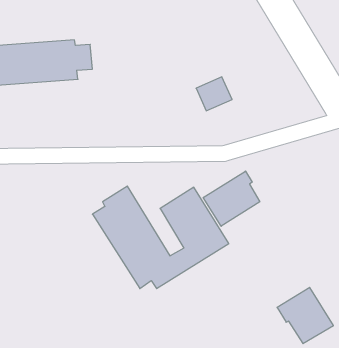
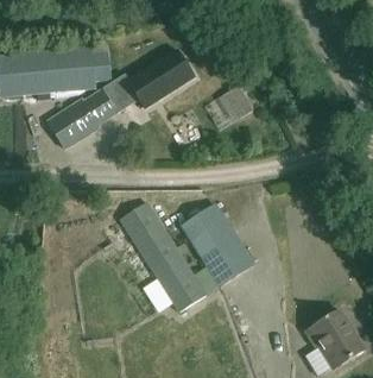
building: none -> [49,50,194,147]
building: [203,171,260,226] -> none

